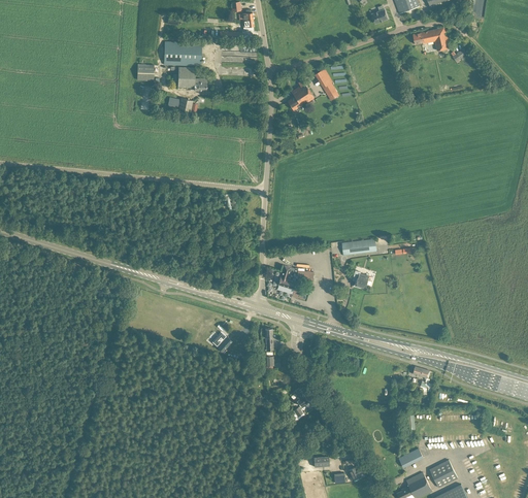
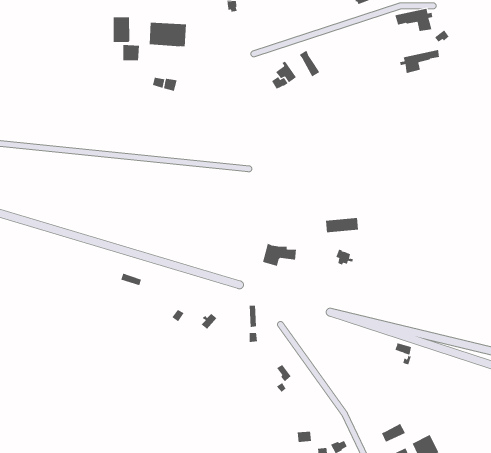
building: none -> [113,17,130,43]
building: [176,67,206,91] -> none
building: none -> [400,49,439,74]

